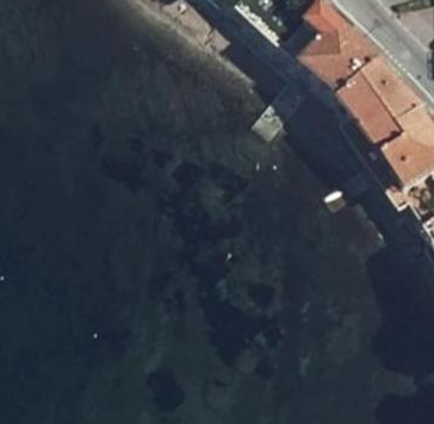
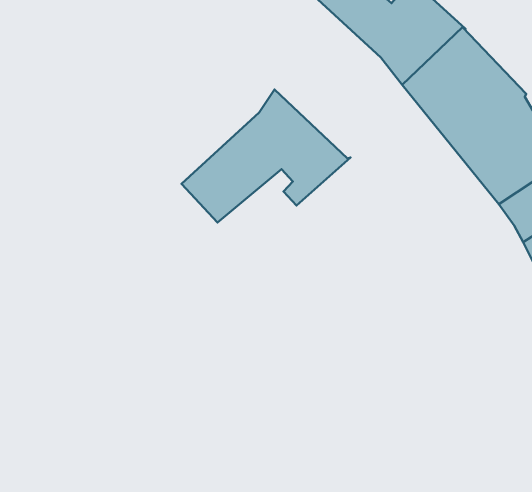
building: none -> [181,89,350,223]

